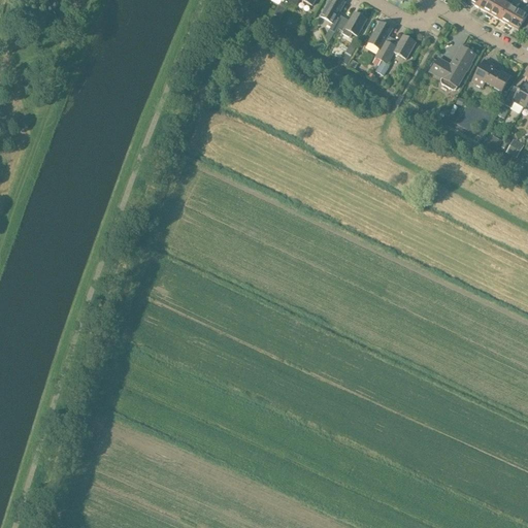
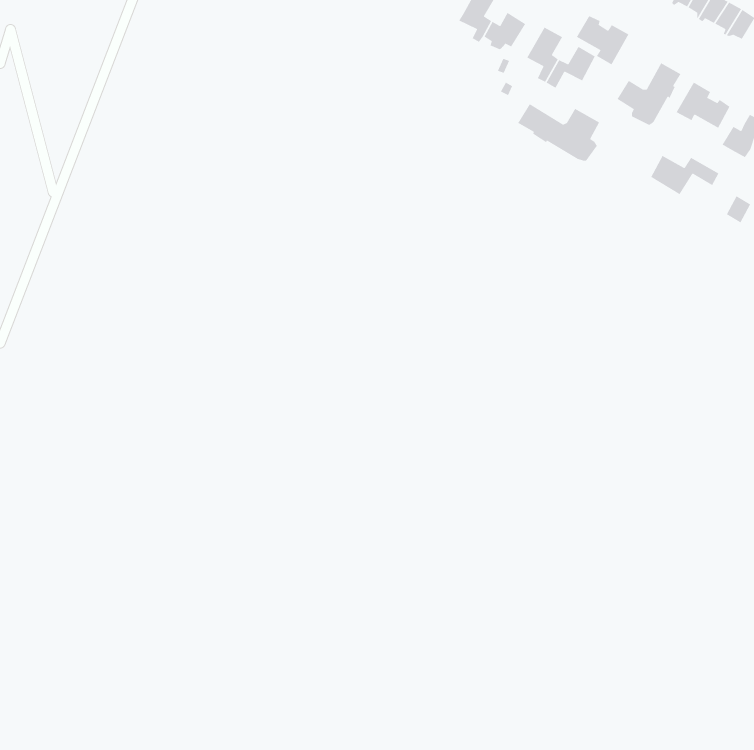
building: none -> [576,15,629,66]
building: none -> [517,103,600,162]
building: none -> [650,155,720,195]

